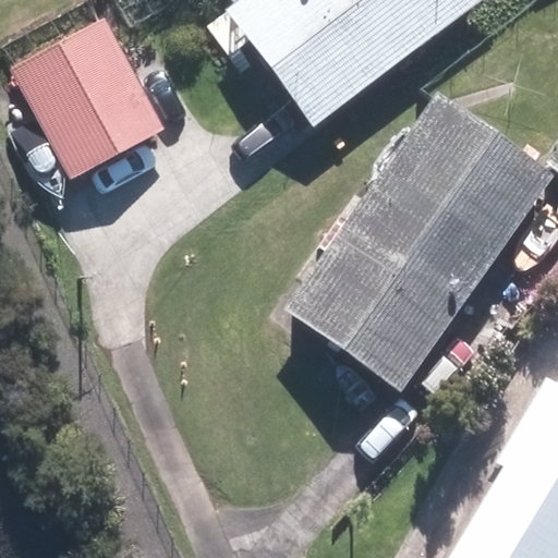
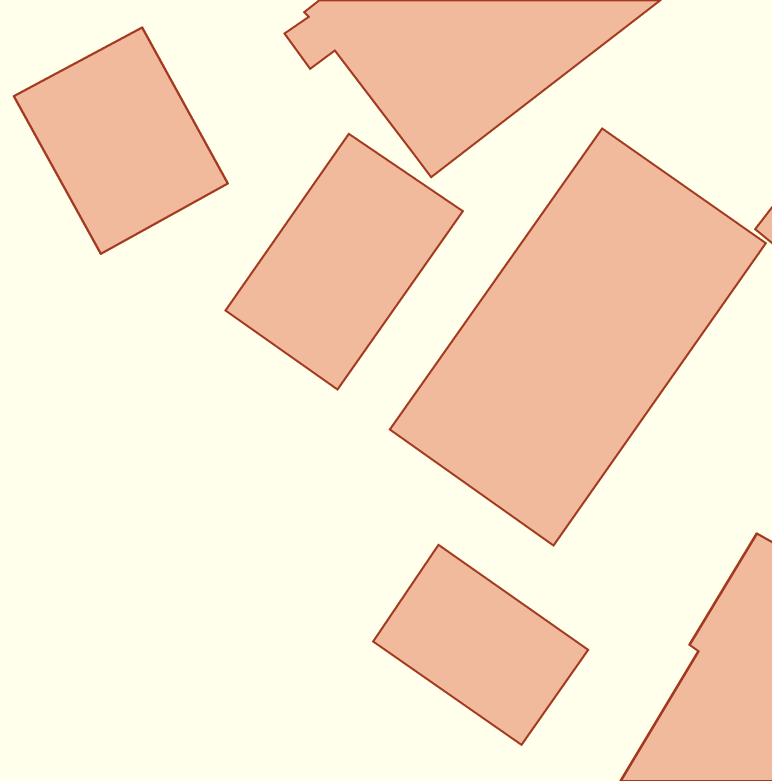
building: none -> [225,134,463,390]
building: none -> [373,545,588,745]

